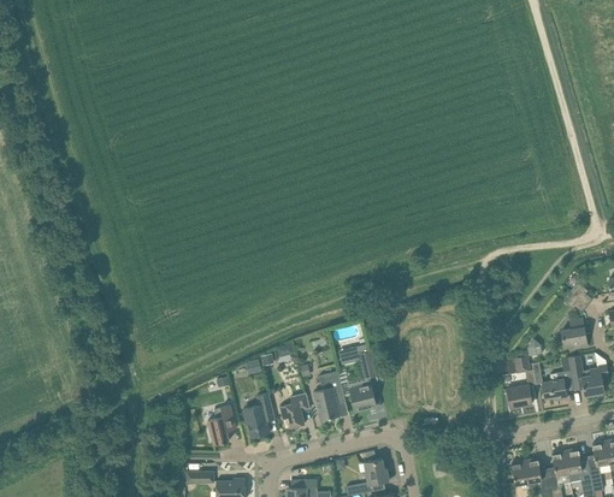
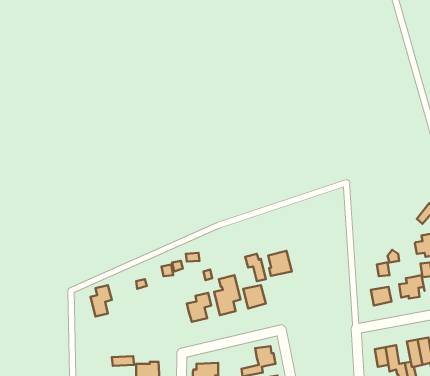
building: none -> [268,251,292,276]
building: [243,392,276,437] -> none
building: [208,406,235,444] -> [90,285,112,316]

